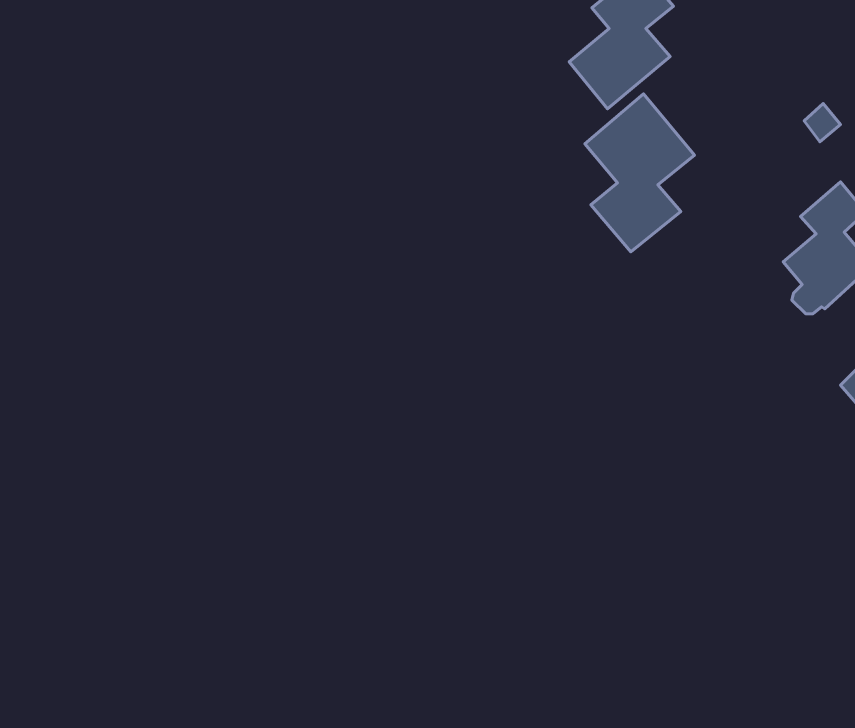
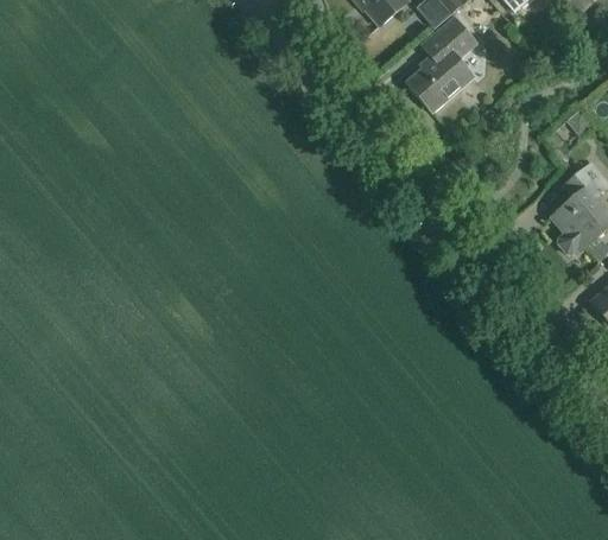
building: [585,94,695,252] -> none

